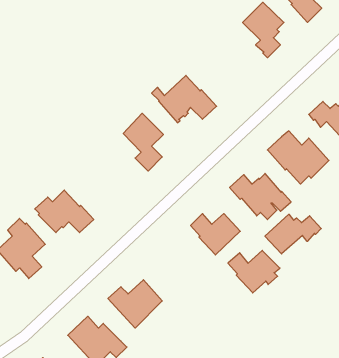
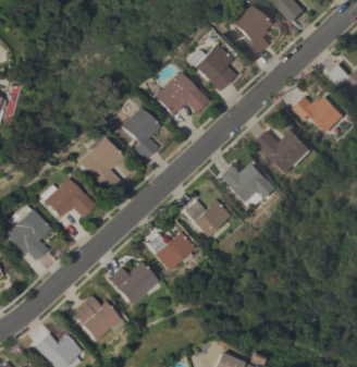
building: none -> [189,42,236,90]
building: none -> [81,131,124,194]
building: [265,214,321,254] -> none
building: [228,250,280,293] -> [148,231,196,270]

